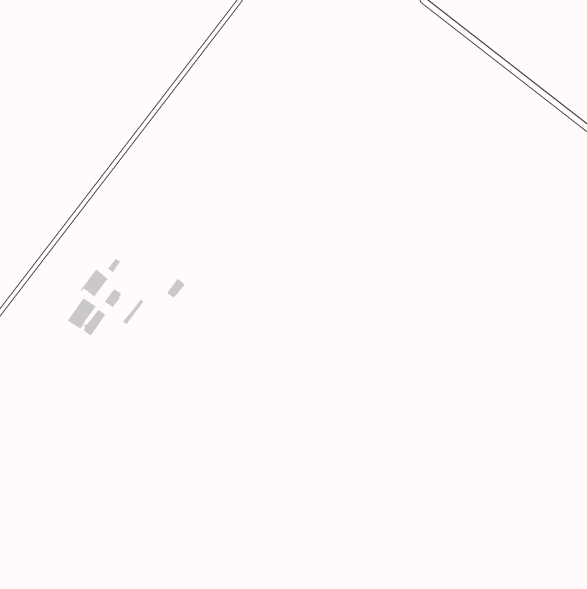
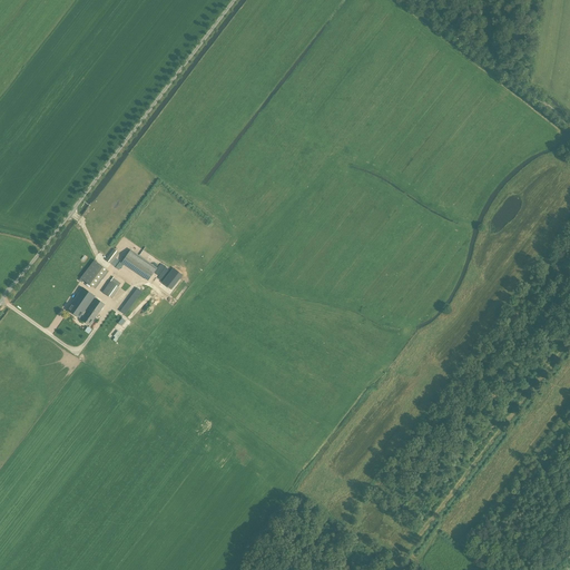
building: none -> [120,249,155,281]

